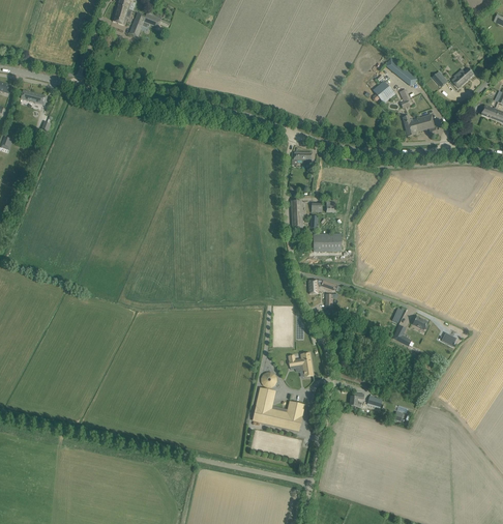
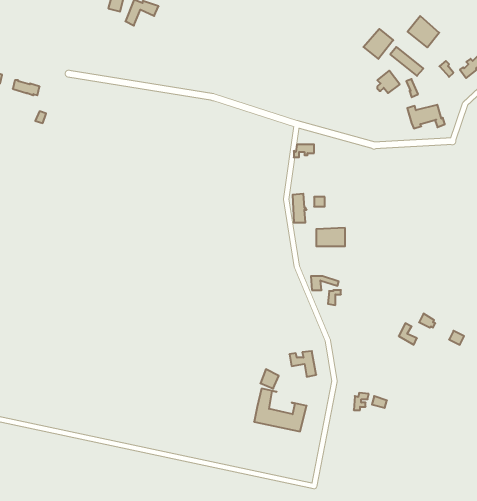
building: none -> [408,16,439,47]
building: none -> [363,29,393,59]

